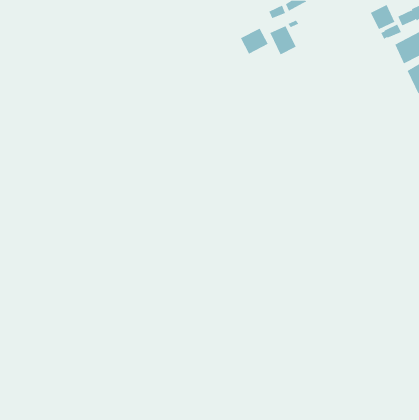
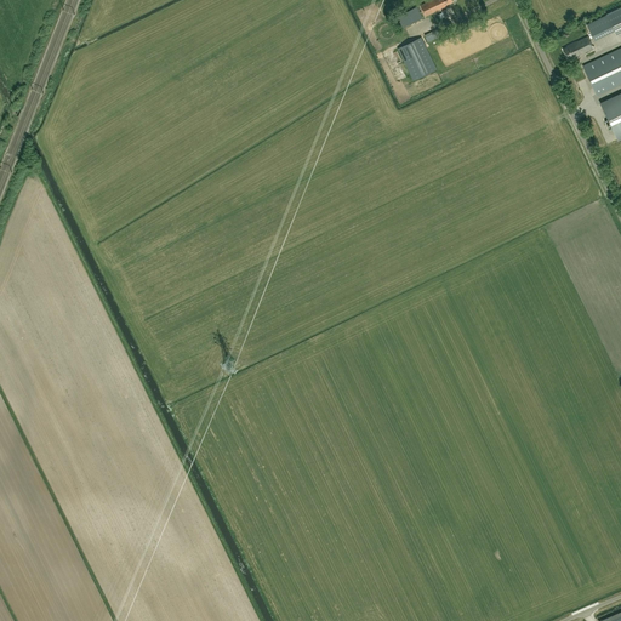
building: [370,4,395,30] -> none
building: [240,28,269,54] -> none

